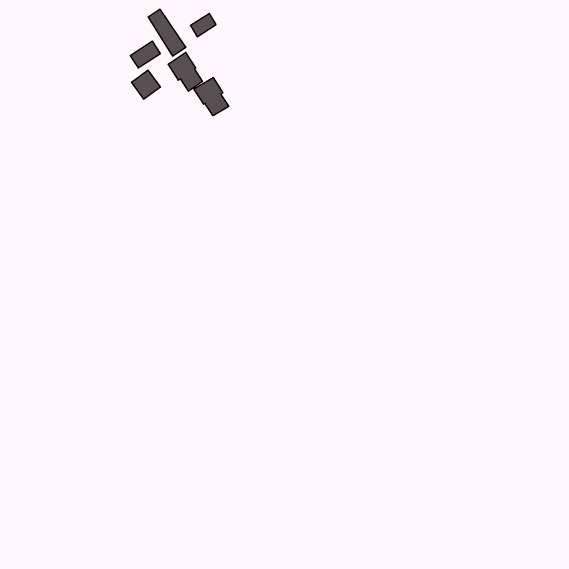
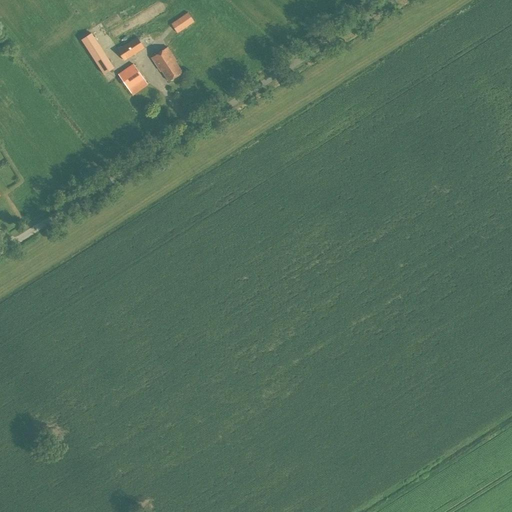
building: [148,9,186,56] -> [82,32,116,74]
building: [194,77,229,116] -> none

